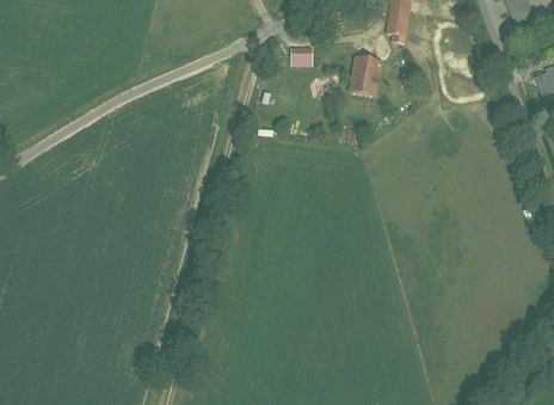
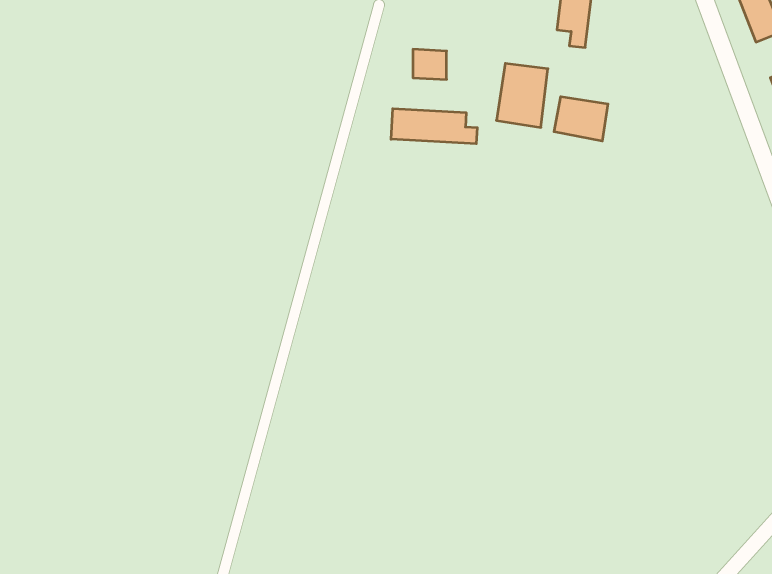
building: none -> [554,97,608,141]
building: none -> [391,109,477,144]

